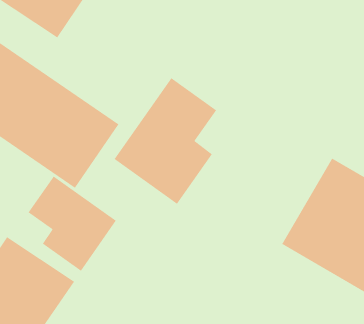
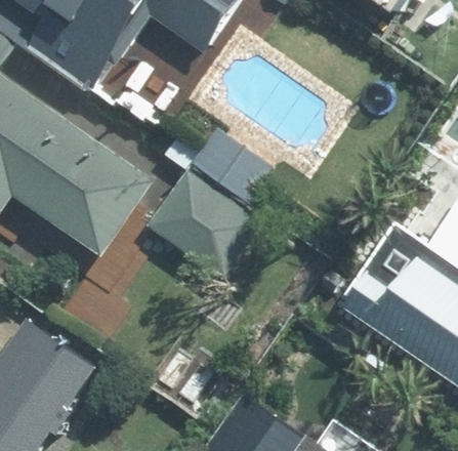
building: [28,175,117,272] -> none

